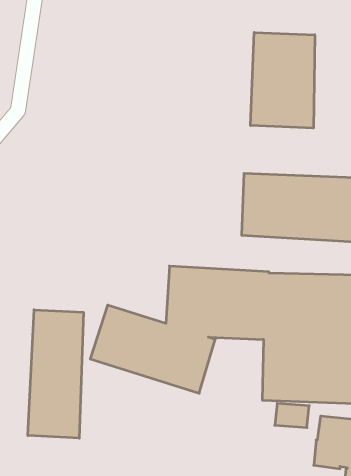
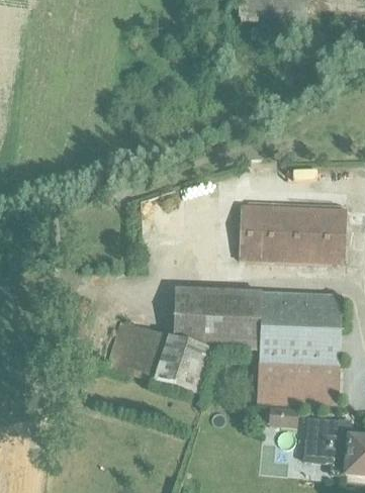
building: [251,32,315,128] -> none
building: [28,310,83,438] -> none

